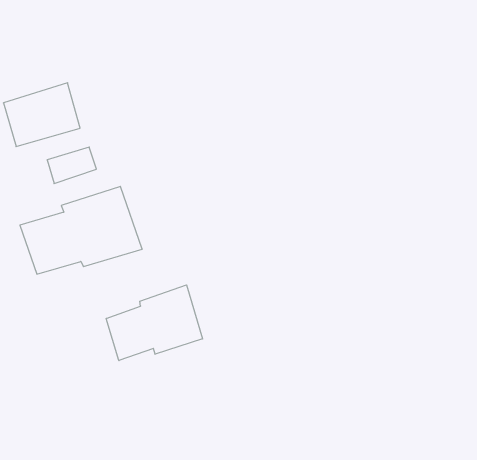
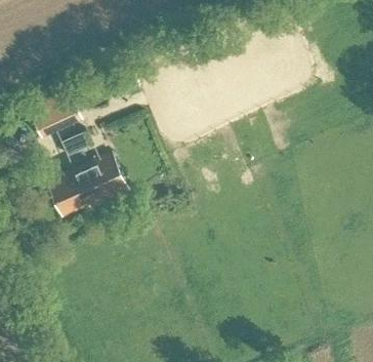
building: [106,285,203,361] -> none

